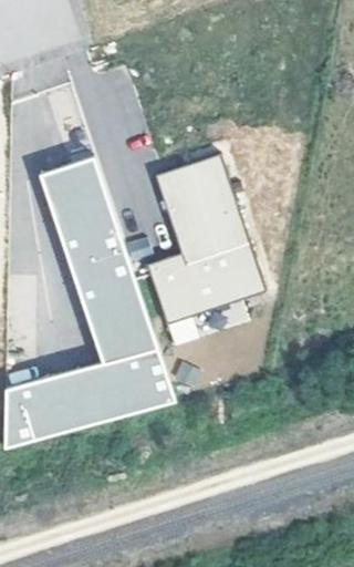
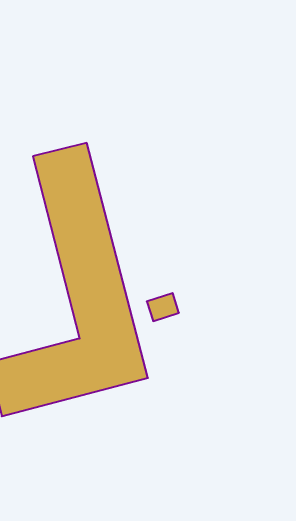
building: [148,156,263,322] -> none

